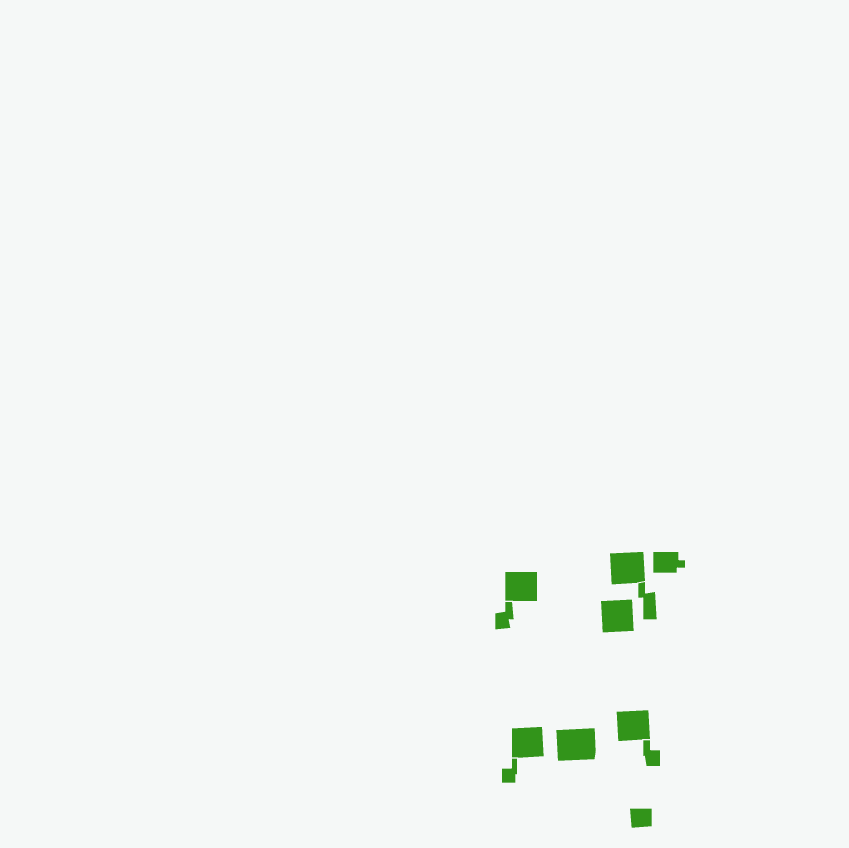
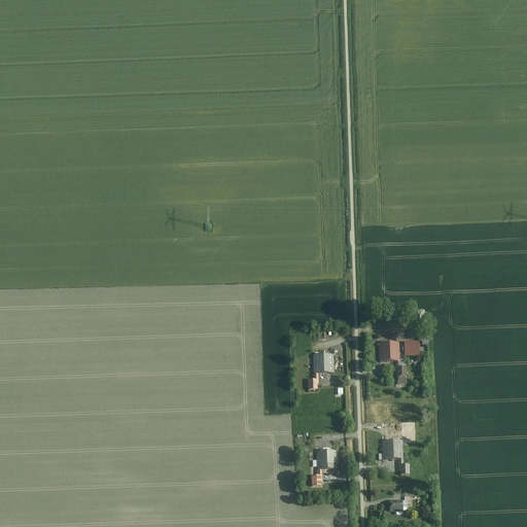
building: [601,599,634,633] -> none
building: [556,727,596,762] -> none

